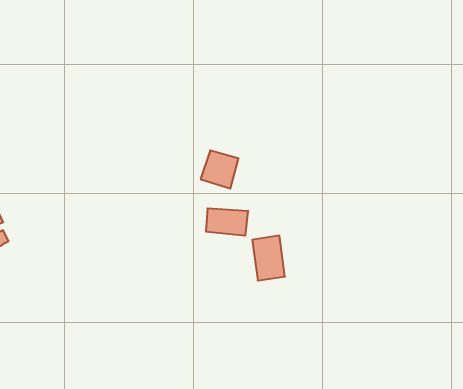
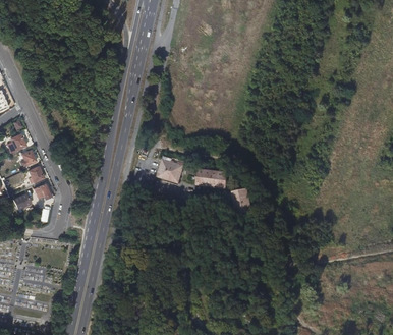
building: [201,150,239,189] -> [156,154,184,182]

